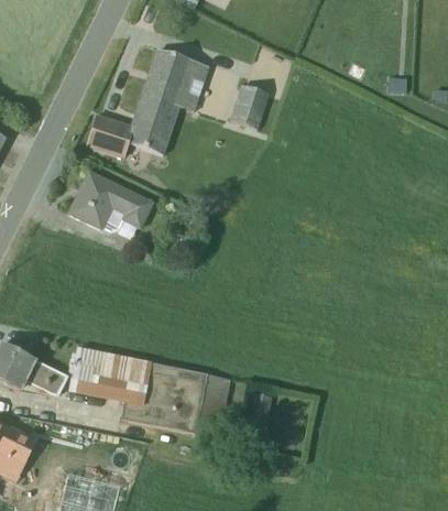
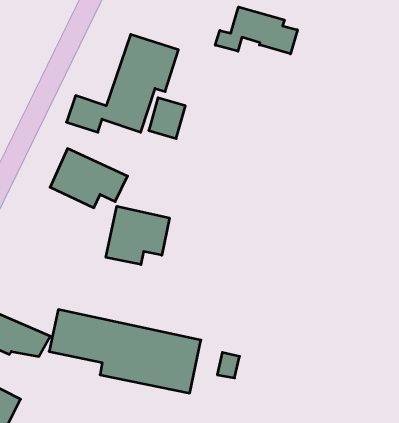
building: none -> [215,7,297,54]
building: [229,83,269,127] -> [149,98,185,139]
building: none -> [106,206,169,265]

